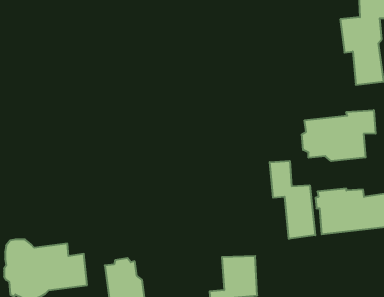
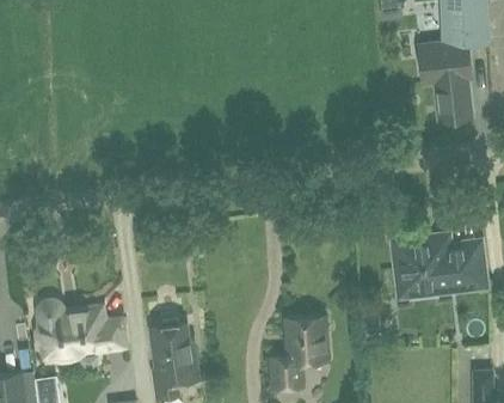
building: [302,110,376,161] -> none
building: [270,161,315,239] -> none

